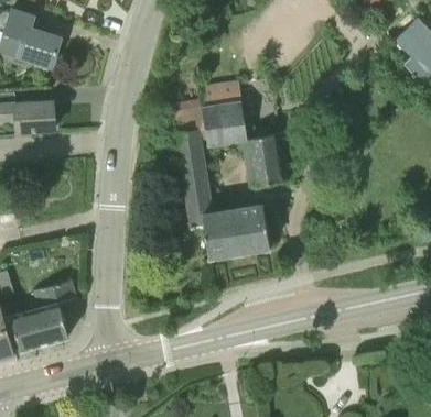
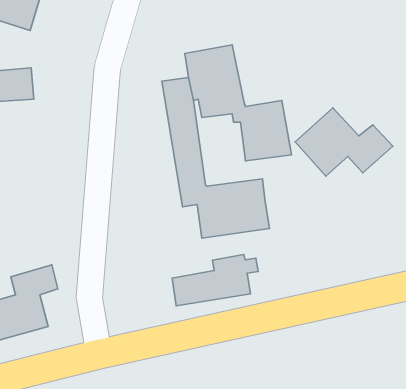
building: none -> [295,108,393,176]
building: none -> [172,254,258,306]

